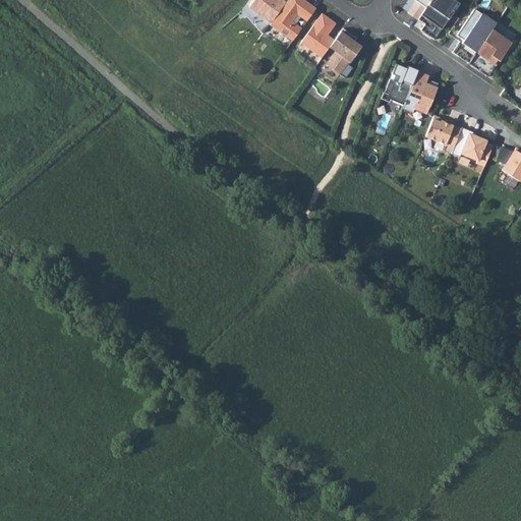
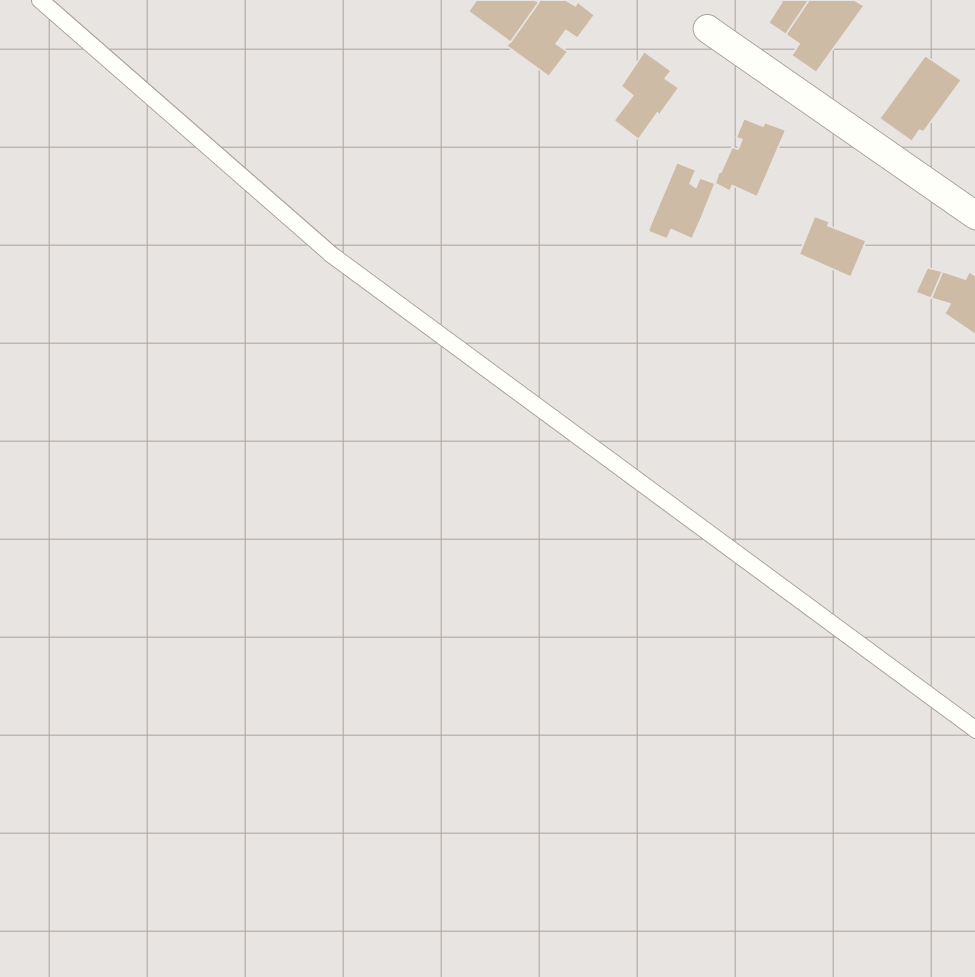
building: [454,8,498,63] -> none
building: [301,13,337,57] -> none
building: [403,71,439,112] -> [648,163,715,239]
building: [452,126,486,160] -> none

